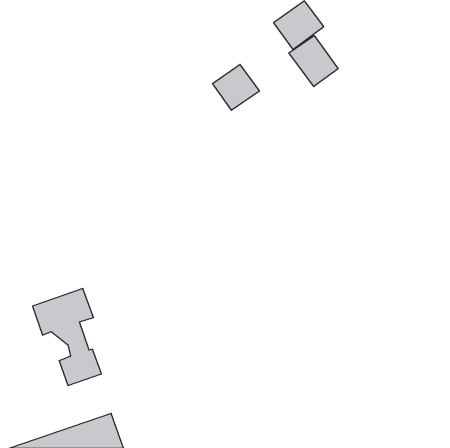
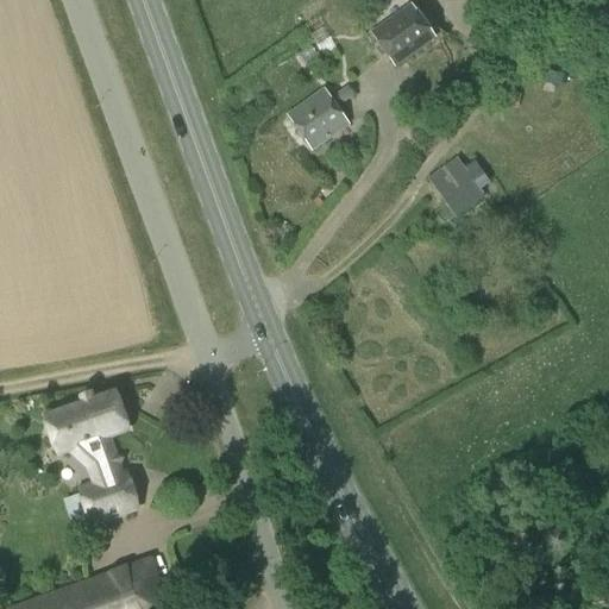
building: [289,36,338,87] -> none
building: none -> [429,158,484,215]

